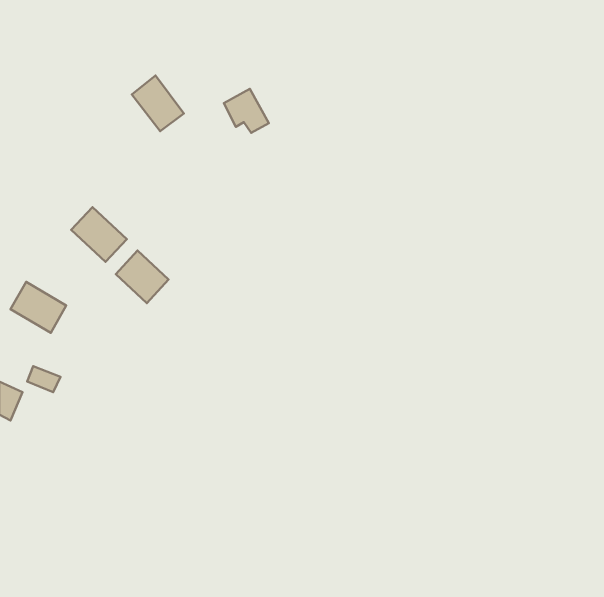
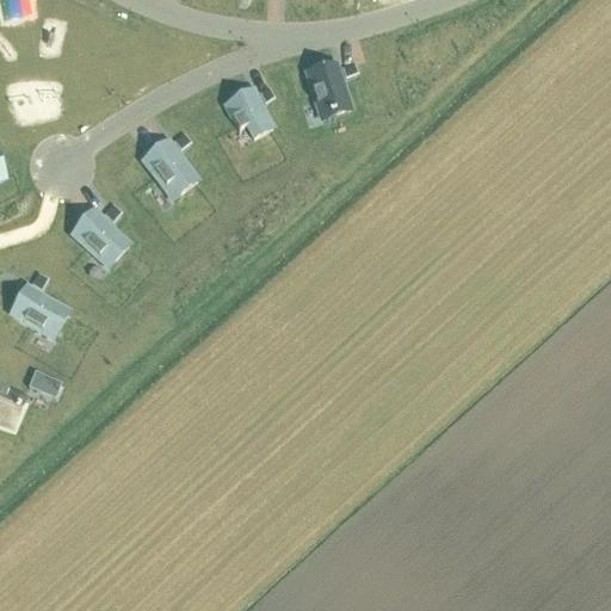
building: none -> [306,62,350,116]
building: [132,75,184,131] -> [143,140,196,196]
building: [116,251,169,303] -> none

